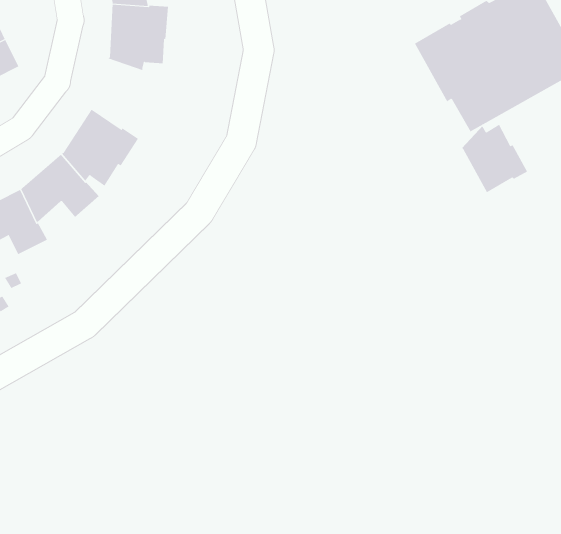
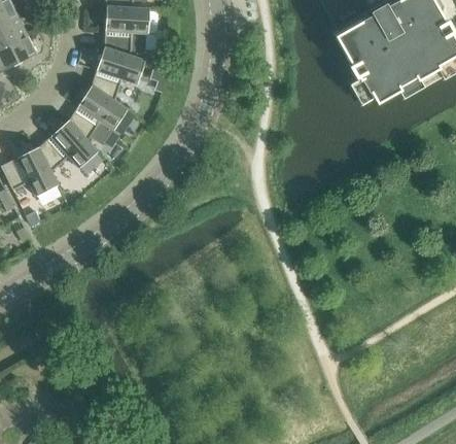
building: none -> [91,47,144,101]
building: [462,124,528,193] -> none

